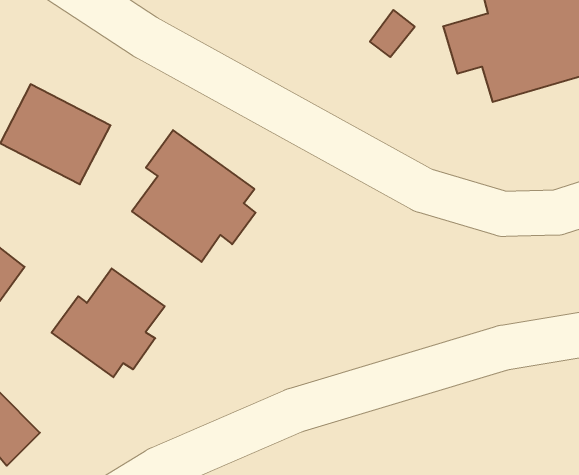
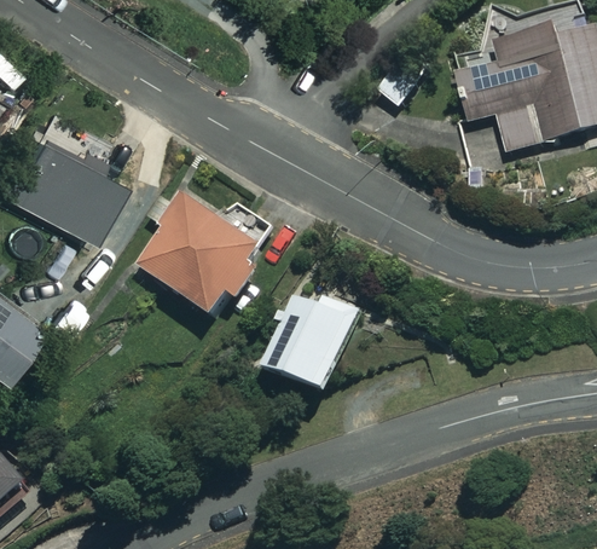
building: none -> [263,288,358,391]
building: [52,268,165,377] -> none

